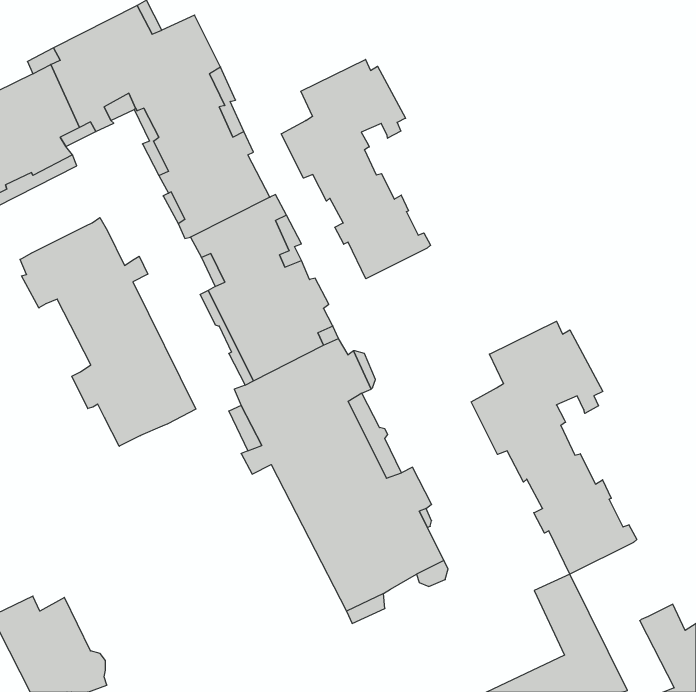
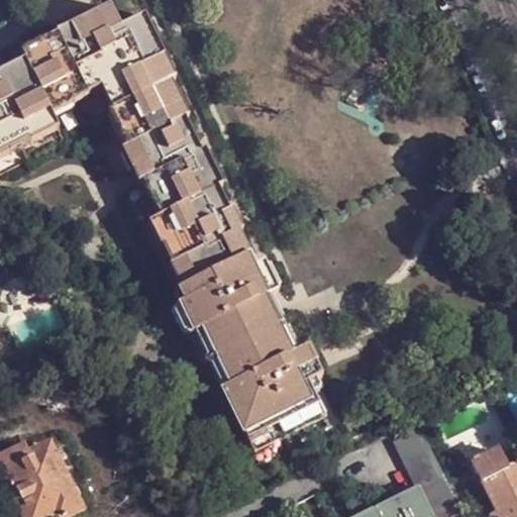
building: [281,59,431,279] -> none
building: [20,218,196,446] -> none
building: [471,321,637,574] -> none

